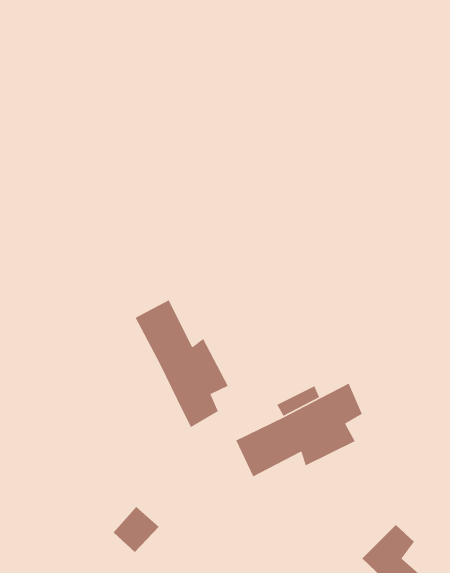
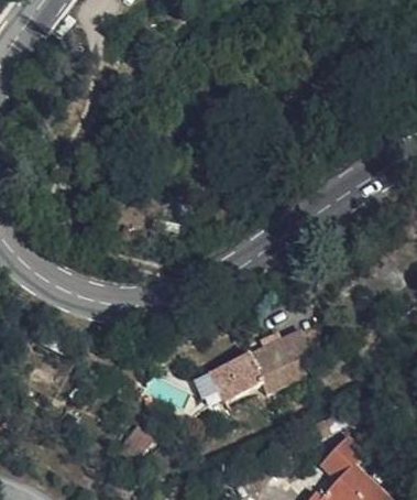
building: [135,299,229,428] -> none

